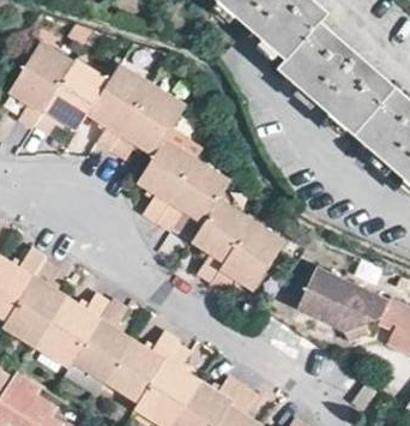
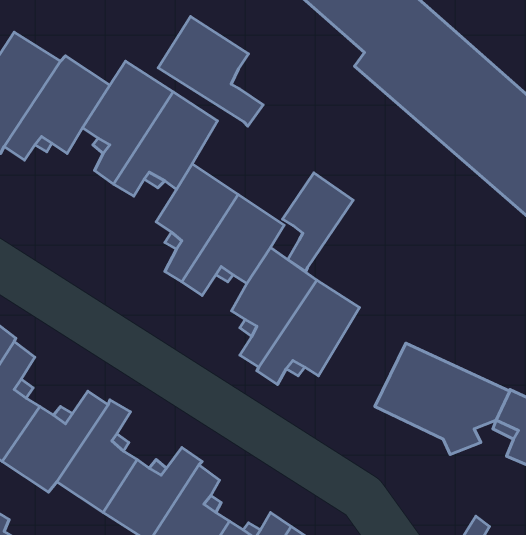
building: none -> [158,16,263,126]
building: none -> [282,173,353,271]

